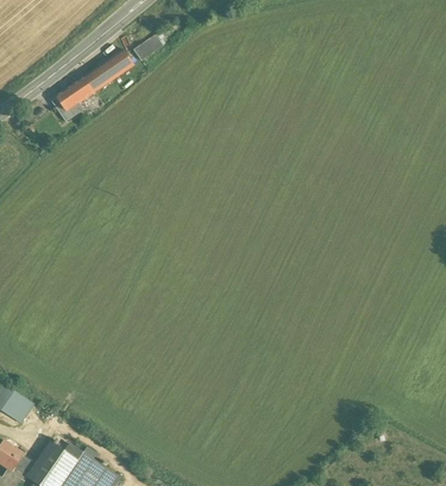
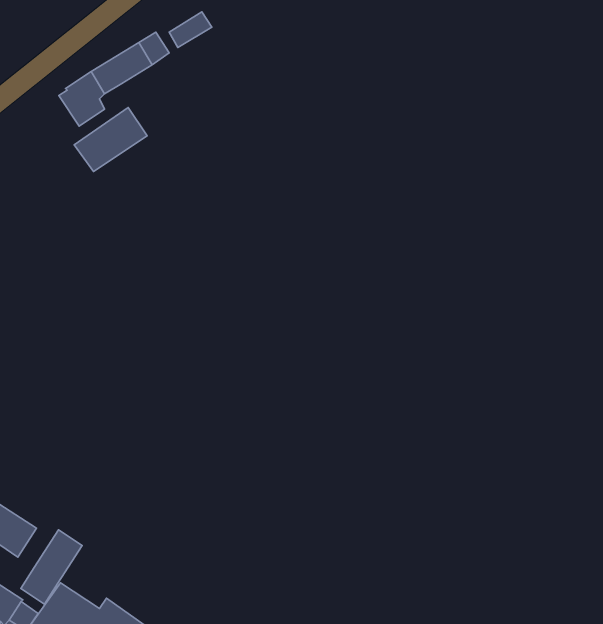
building: none -> [74,107,147,172]
building: none -> [21,530,82,604]

